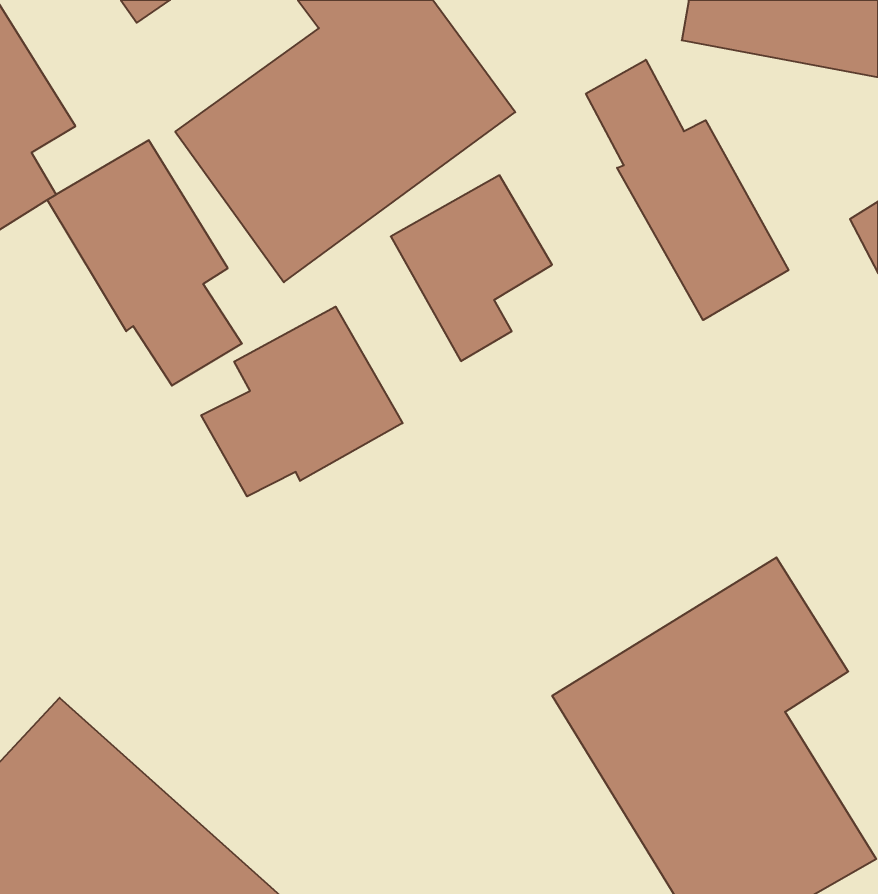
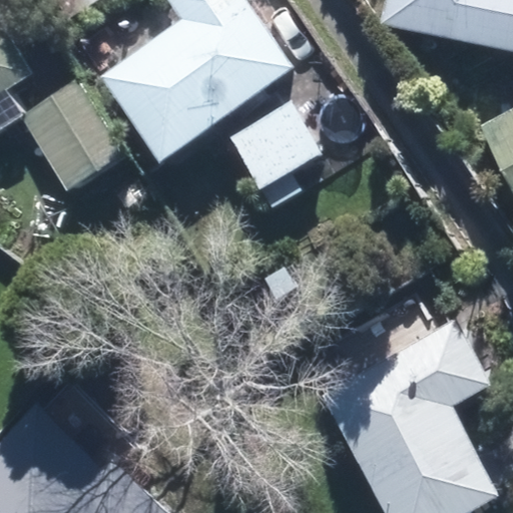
building: [586,60,788,320] -> none
building: [201,307,403,496] -> none

